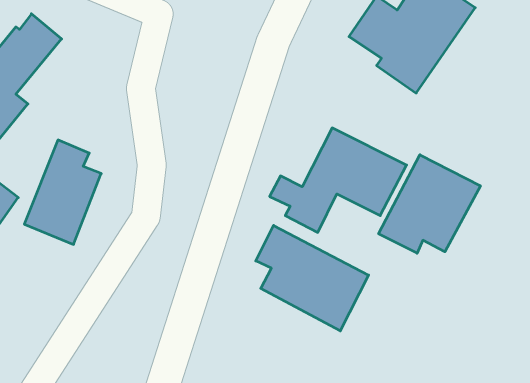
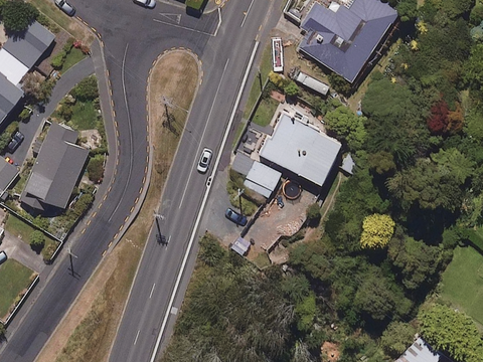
building: [379,155,480,253] -> none
building: [256,225,369,331] -> none

